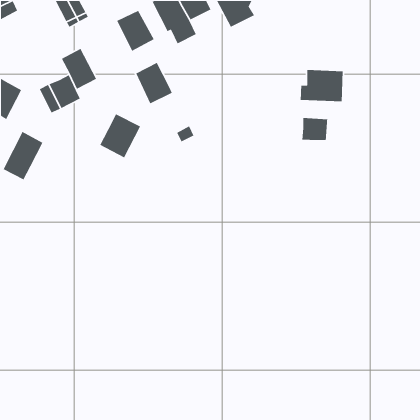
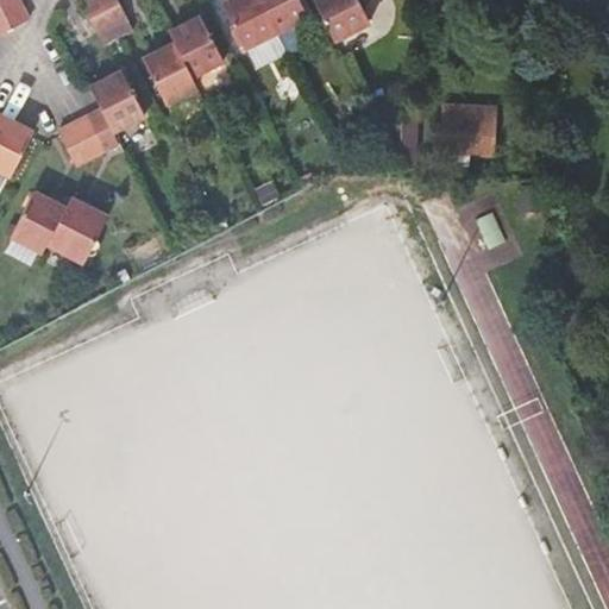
building: [135,62,173,105] -> [142,40,196,102]
building: [99,113,141,158] -> [46,195,107,260]
building: [301,117,328,141] -> none

